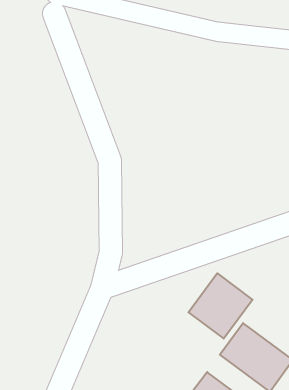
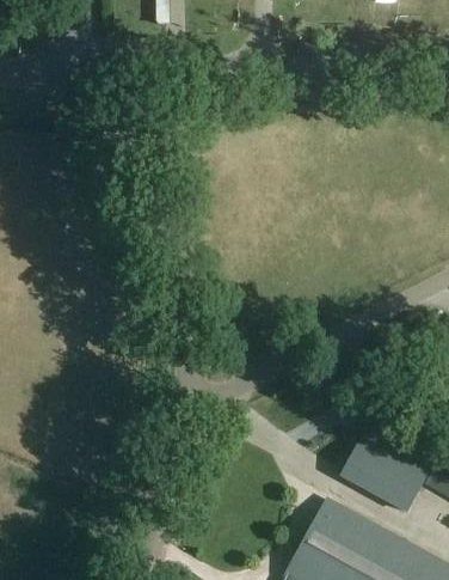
building: [188,273,253,339] -> none

